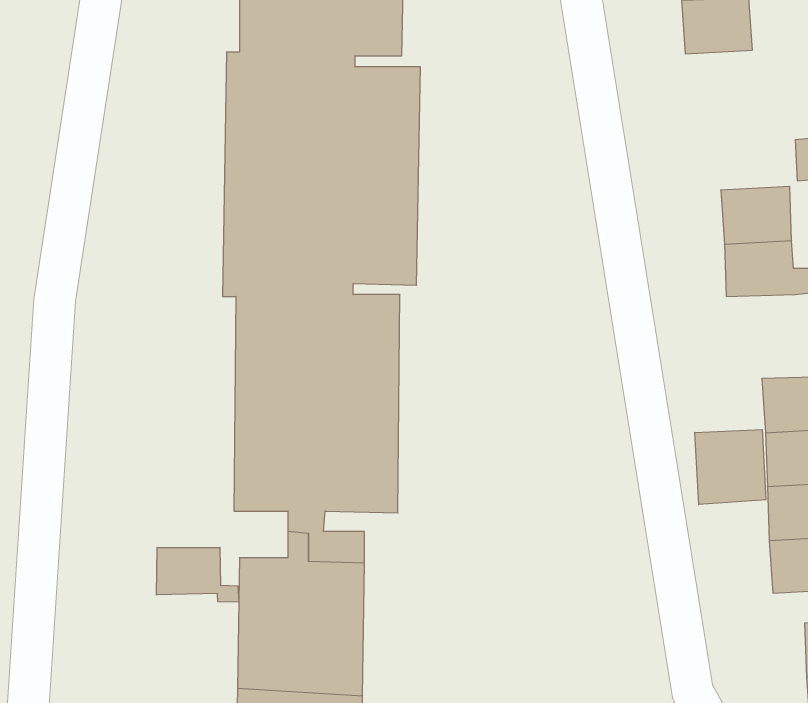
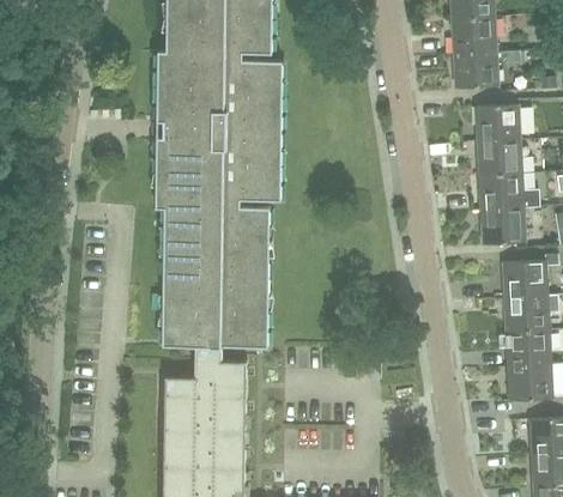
building: none -> [453,50,523,87]
building: none -> [474,103,520,140]
building: none -> [479,207,525,243]
building: [695,430,766,505] -> none
building: [156,547,239,602] -> none

